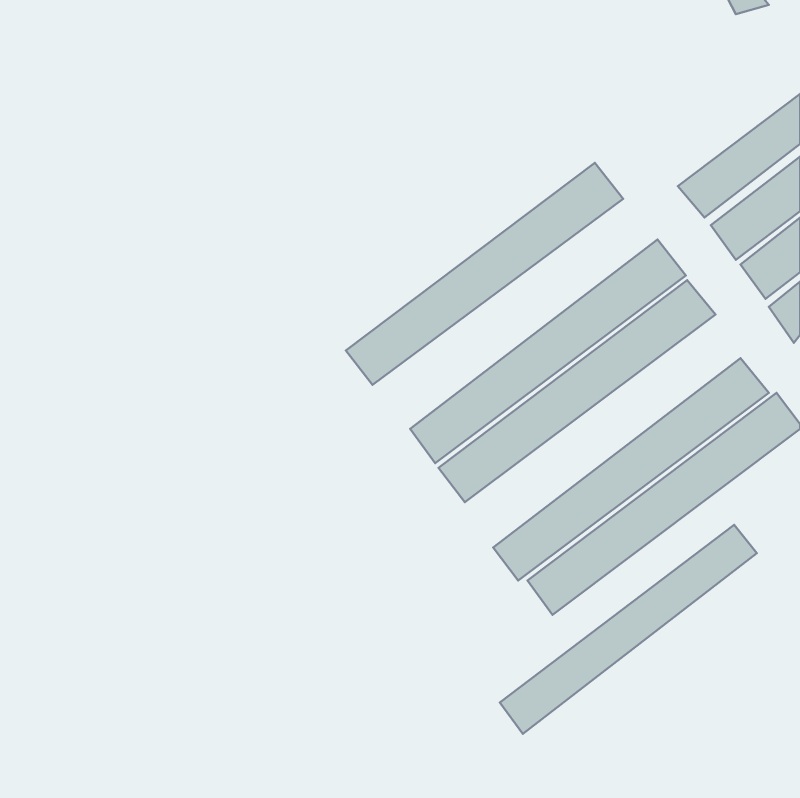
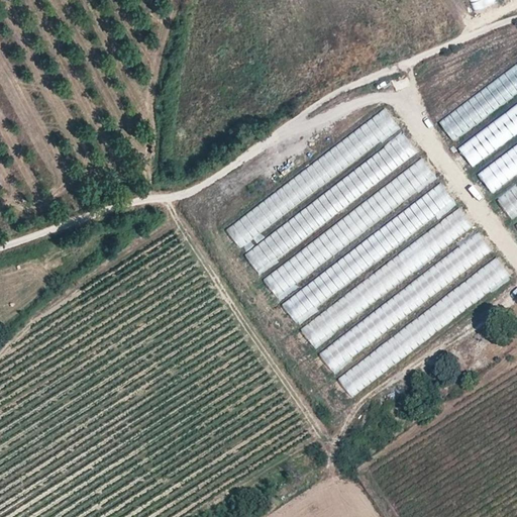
building: none -> [243,130,421,275]
building: none -> [302,206,478,349]
building: [500,525,757,734] -> none

